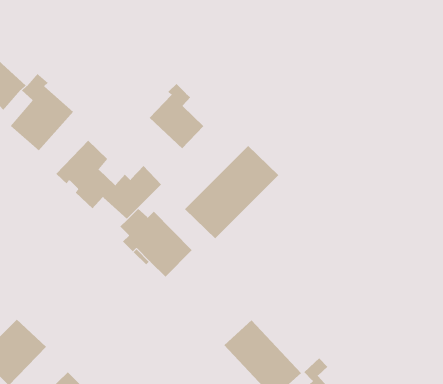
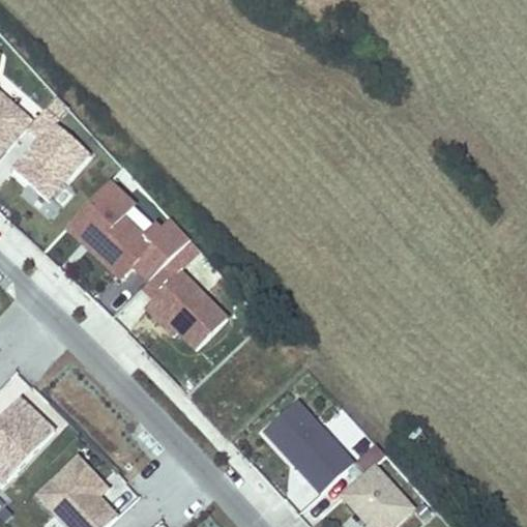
building: [149,83,204,149] -> none
building: [184,145,279,239] -> none

